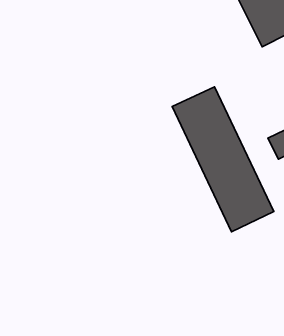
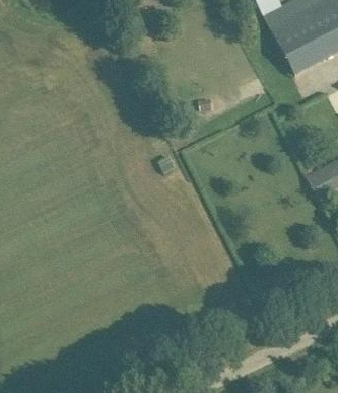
building: [172,87,274,232] -> none

